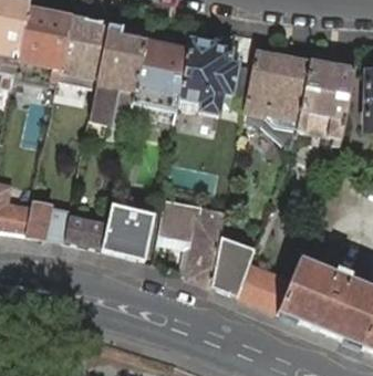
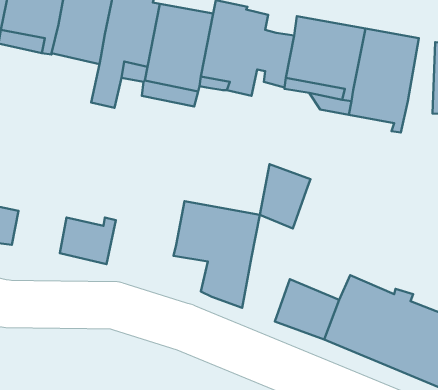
building: [25,201,71,240] -> none
building: [102,205,154,258] -> none
building: [211,243,252,295] -> [260,164,311,228]

